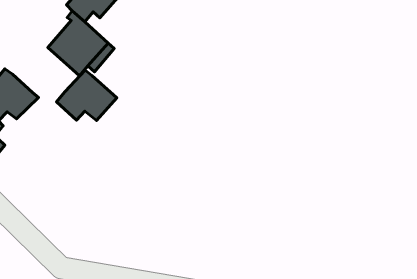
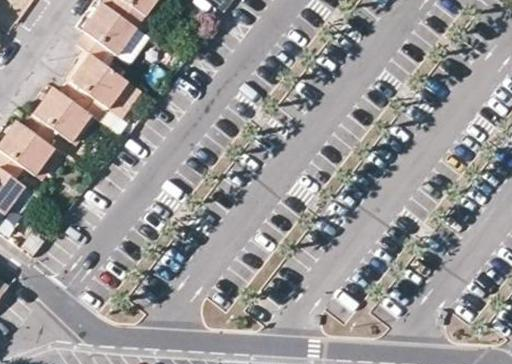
building: [57,70,117,120] -> [25,88,91,144]

